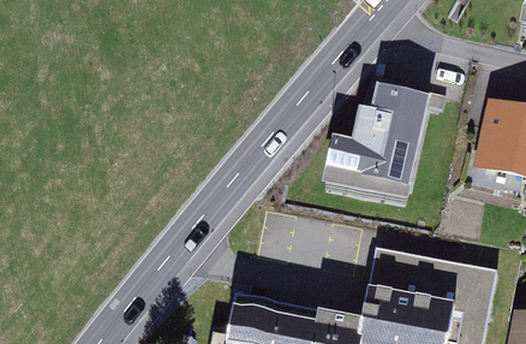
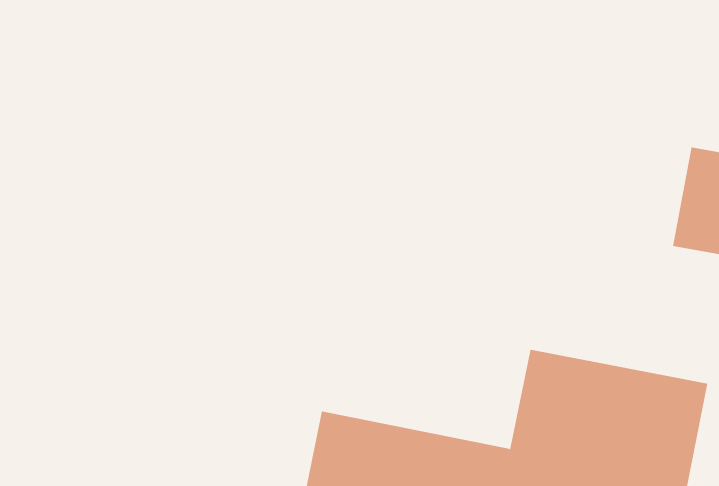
building: [321,73,443,209] -> none

